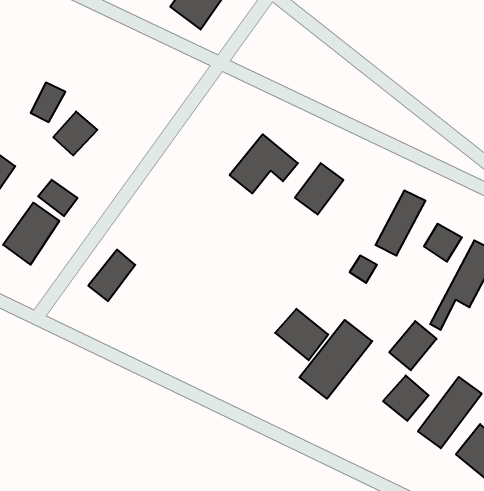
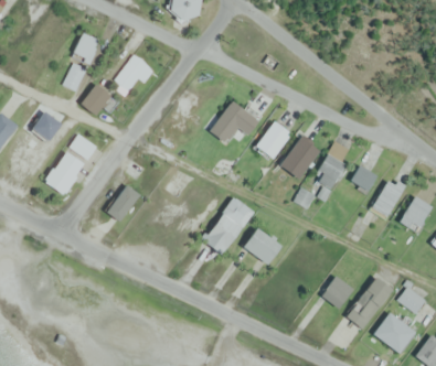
building: none -> [73,33,99,65]
building: none -> [116,54,152,93]
building: none -> [279,137,319,180]
building: [299,320,372,399] -> [201,196,254,254]
building: [389,321,437,370] -> none

